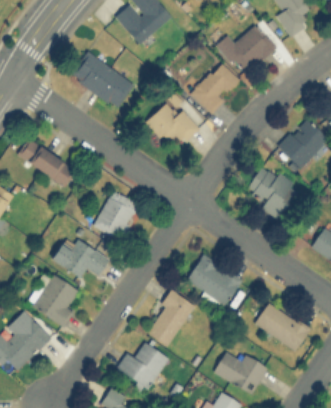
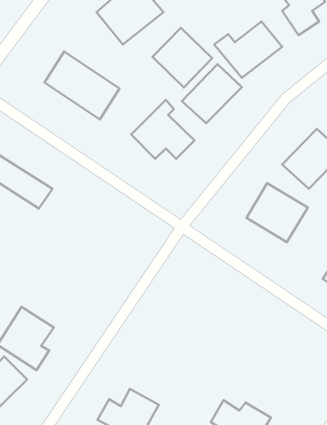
building: none -> [153,28,212,87]
building: [95,191,137,239] -> none
building: [51,240,109,278] -> none
building: [186,255,243,306] -> none
building: [146,291,194,347] -> none
building: [254,303,309,350] -> none

